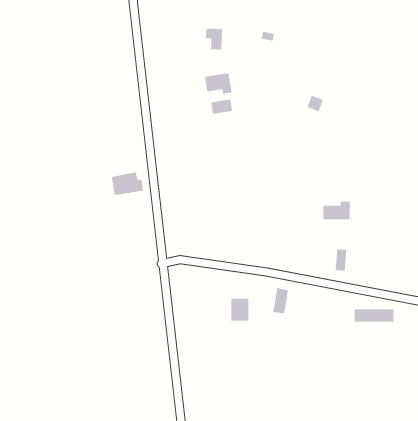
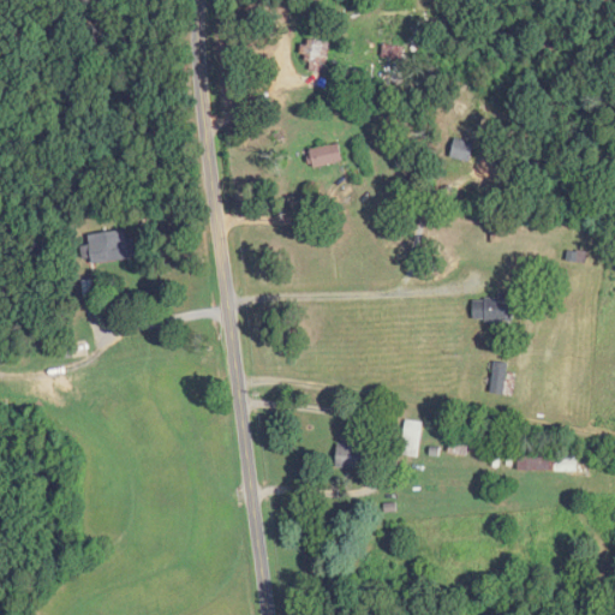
building: [204,72,232,94] -> none
building: [111,172,144,196] -> [85,229,133,264]

